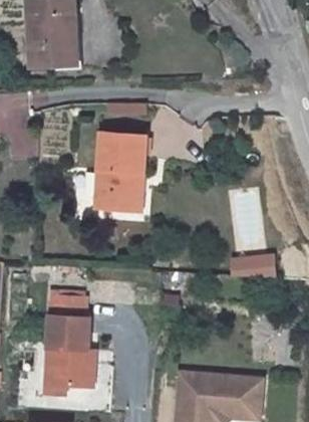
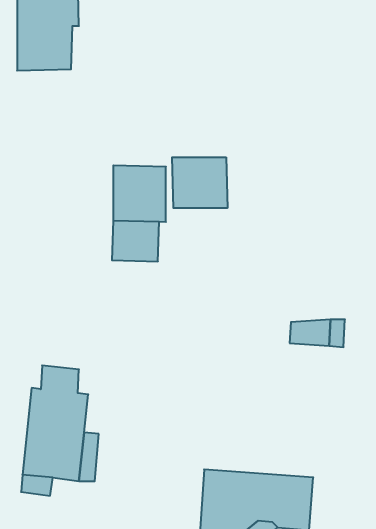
building: none -> [172,157,227,208]

